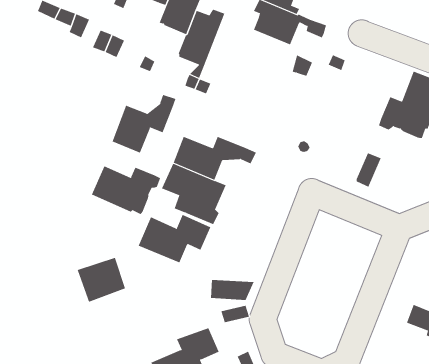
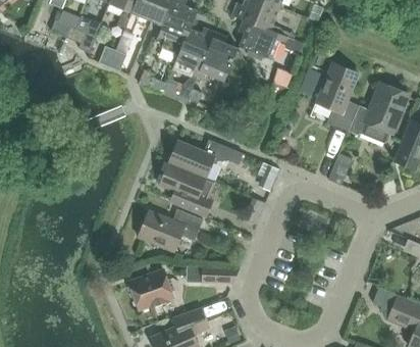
building: none -> [197,33,238,82]
building: none -> [316,62,359,131]
building: [112,94,176,153] -> none
building: [91,165,161,215] -> none
building: [77,257,126,303] -> [129,269,172,309]

